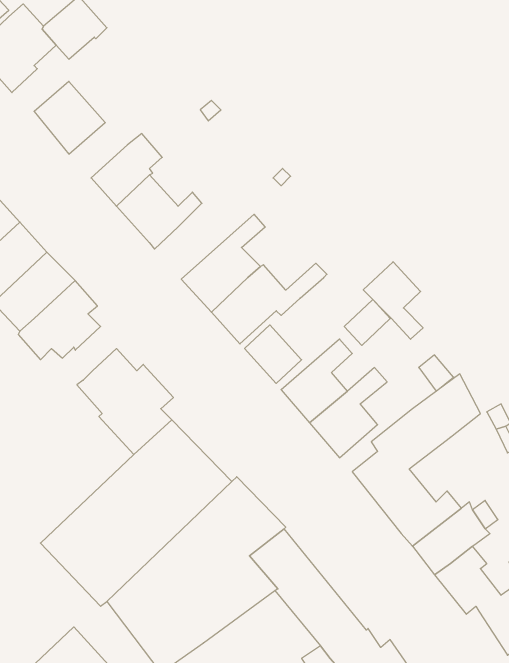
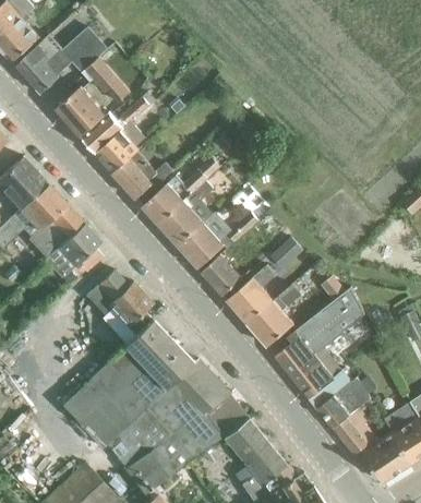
building: none -> [81,56,130,101]
building: none -> [81,93,155,153]
building: none -> [142,158,220,223]
building: [363,262,423,339] -> none

